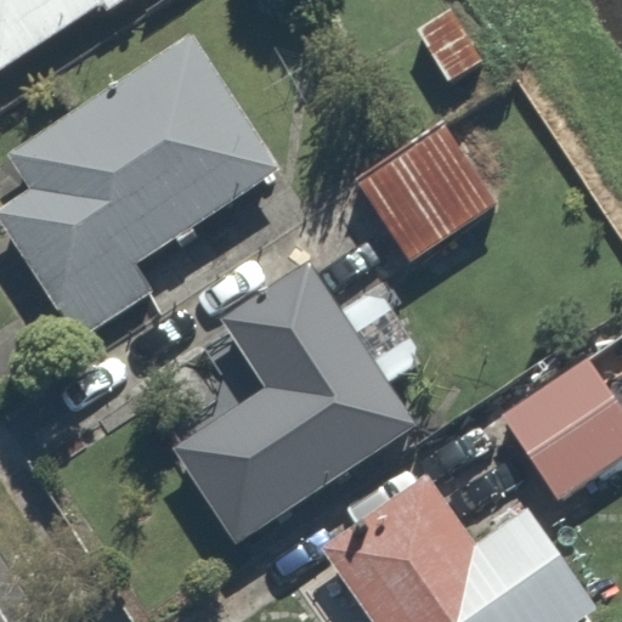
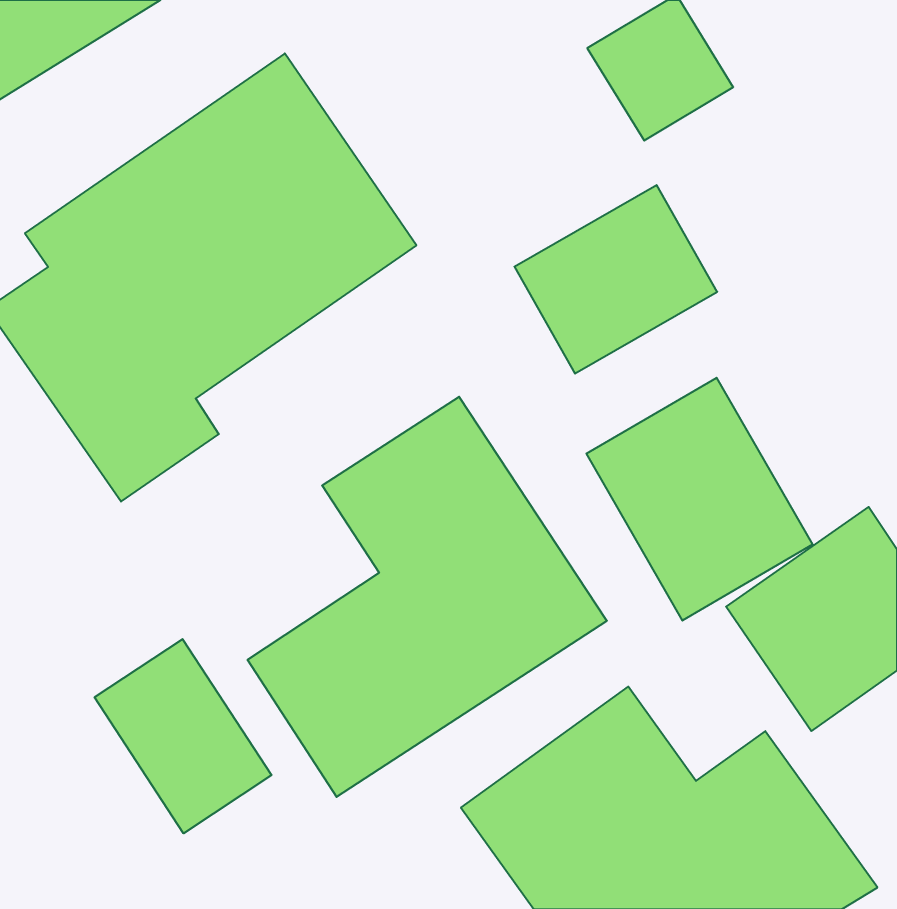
building: none -> [586,378,813,621]
building: none -> [95,639,271,833]

